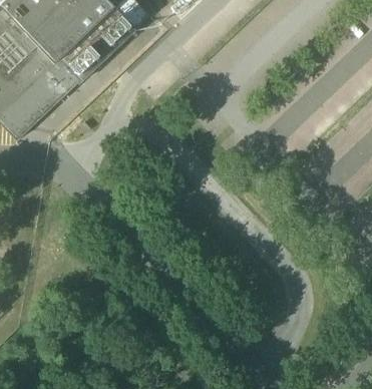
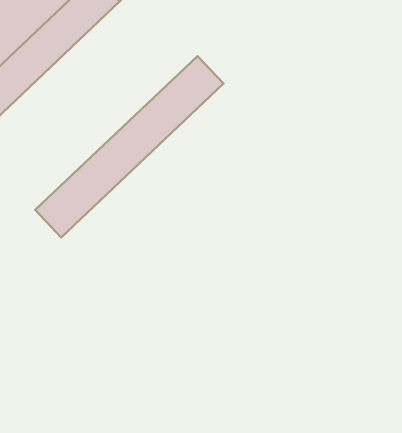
building: none -> [35,56,223,237]

